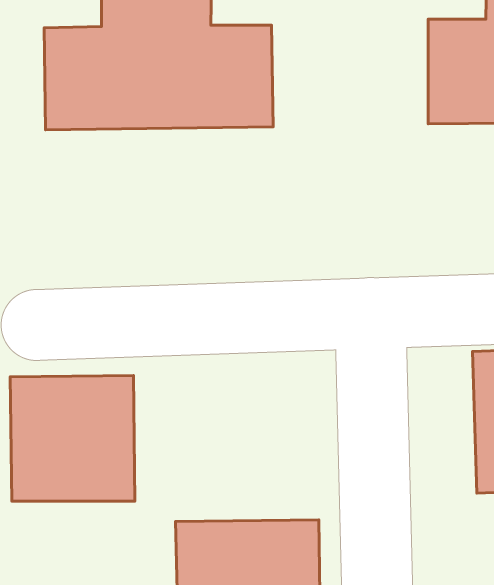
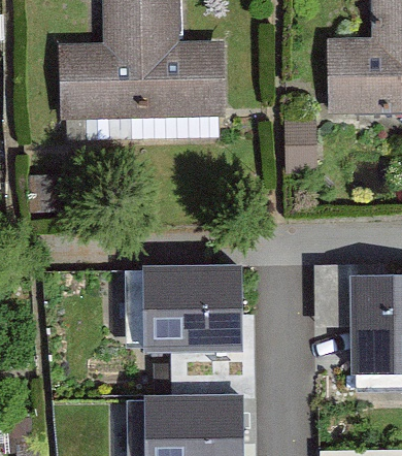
building: none -> [145,264,246,352]
building: [10,375,135,501] -> none

